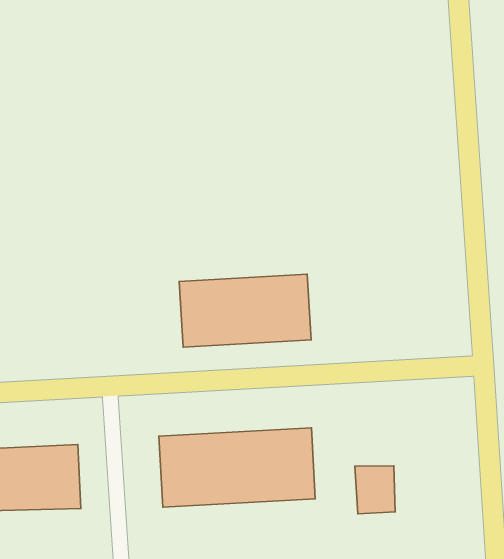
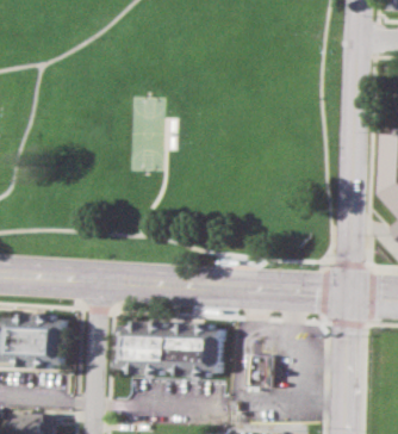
building: [179,274,311,347] -> none

